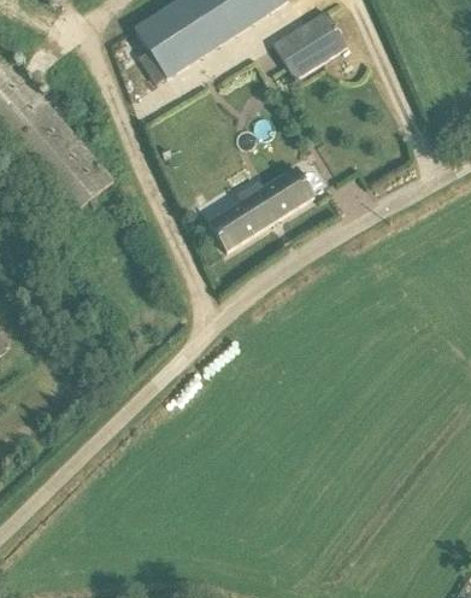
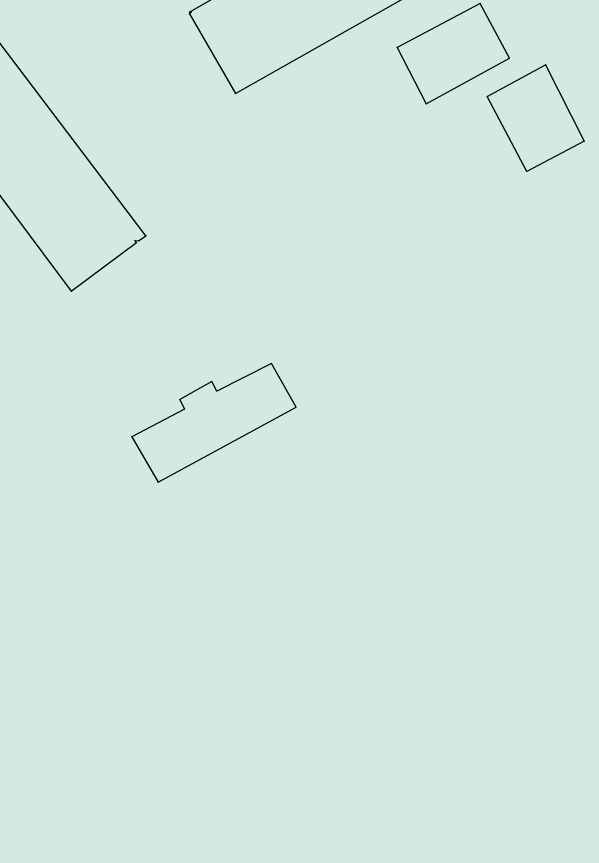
building: none -> [487,65,584,171]
building: [208,166,316,250] -> [132,364,296,482]

